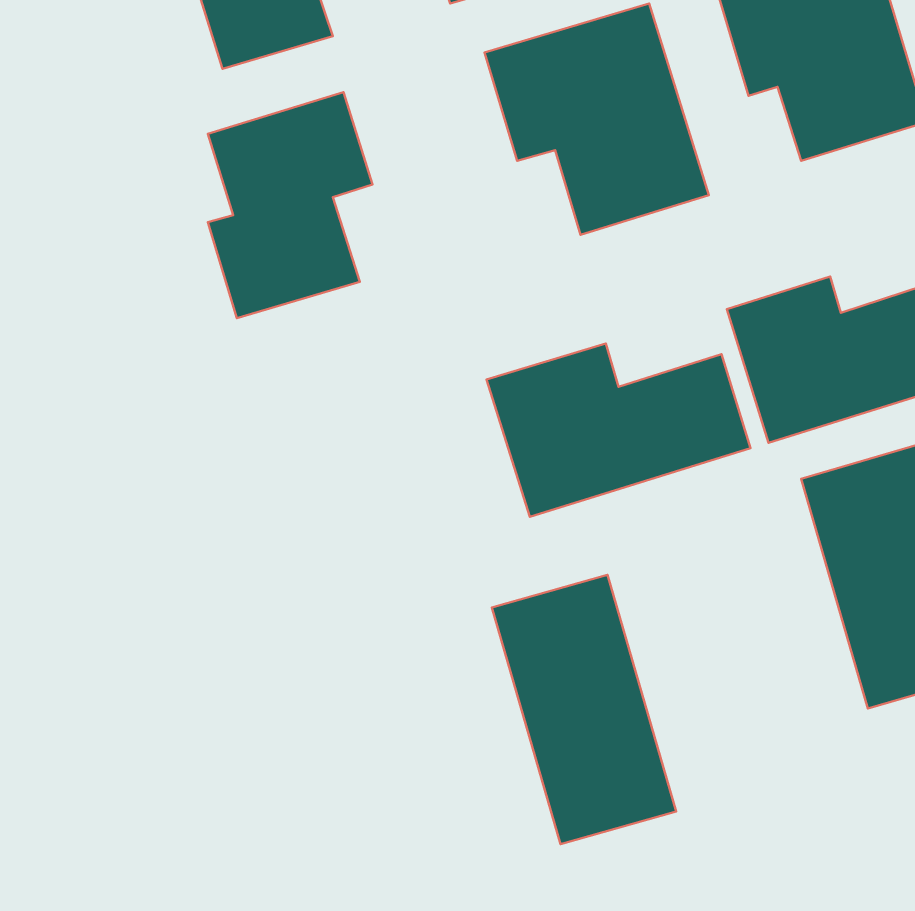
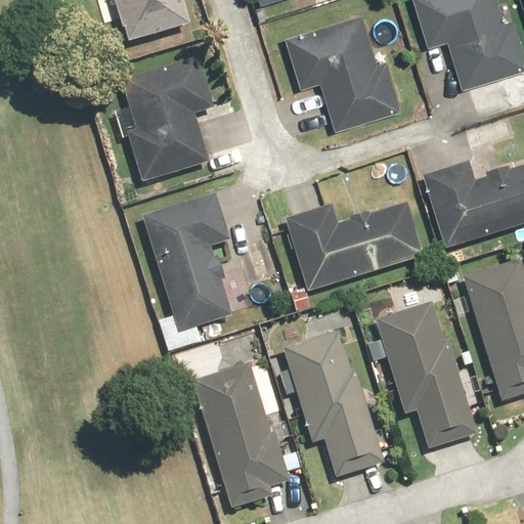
building: none -> [140,191,237,333]
building: none -> [375,299,480,446]
building: none -> [188,356,294,509]

